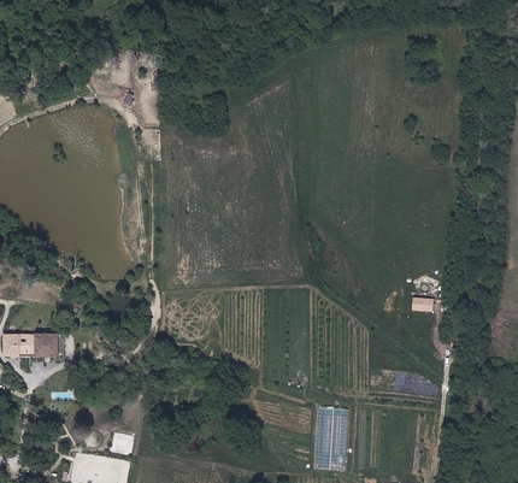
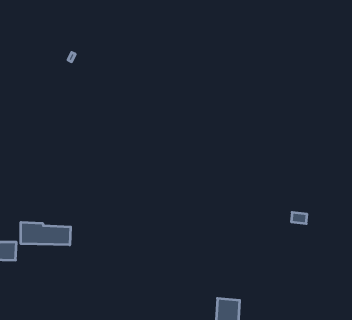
building: none -> [21,222,71,245]

